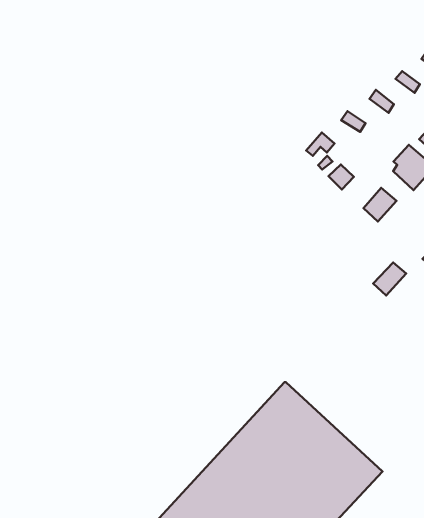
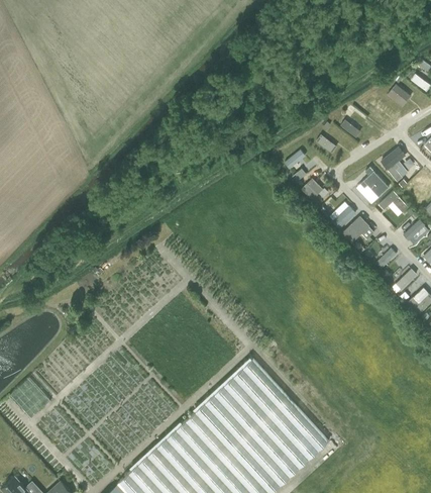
building: [373,263,406,296] -> [342,216,370,243]

